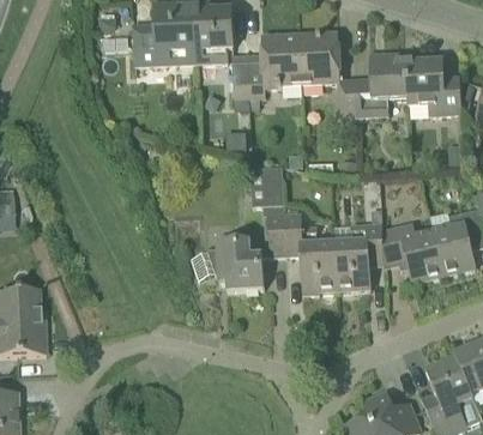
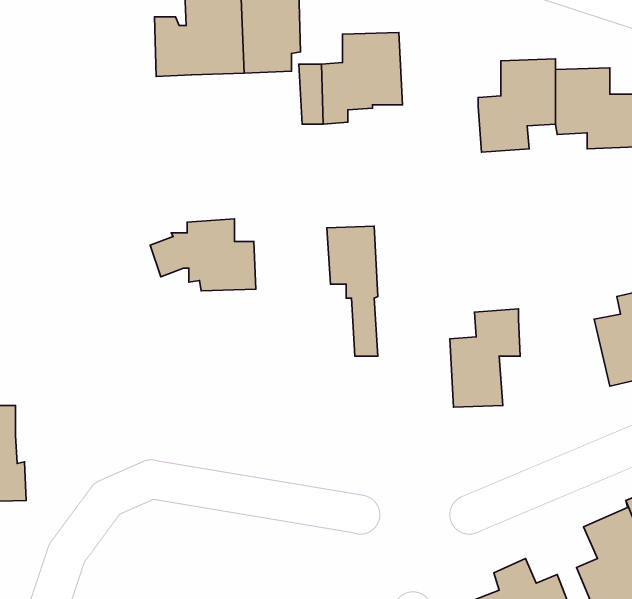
building: [300,31,357,120] -> none
building: [283,213,337,294] -> none
building: [381,223,443,282] -> none
building: [192,238,264,288] -> [150,219,256,291]

